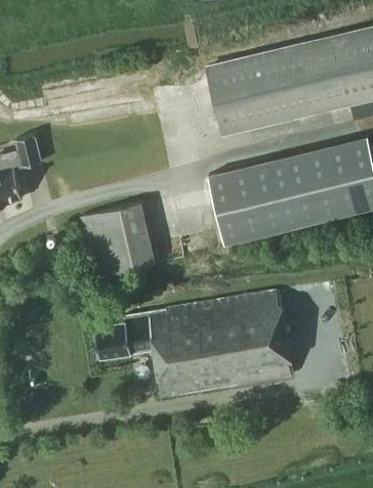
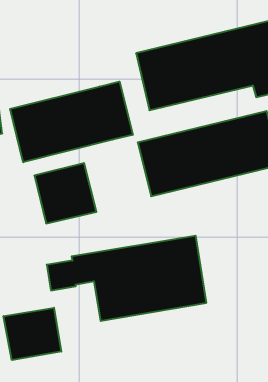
building: none -> [10,82,133,162]
building: none -> [4,308,61,360]

